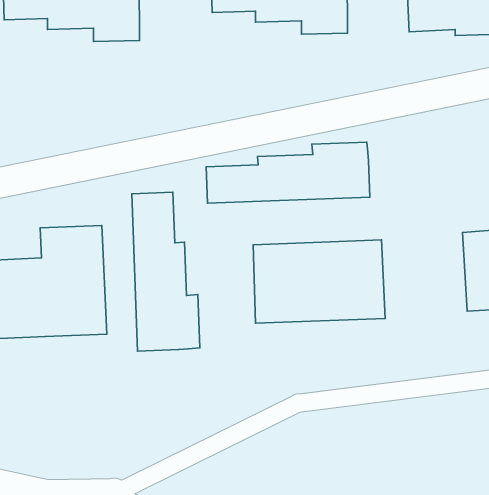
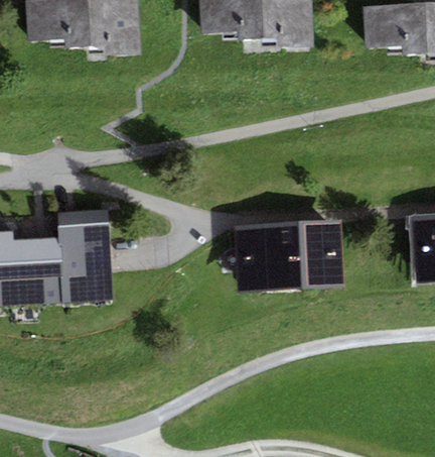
building: [206,142,370,203] -> none
building: [132,192,200,351] -> none

